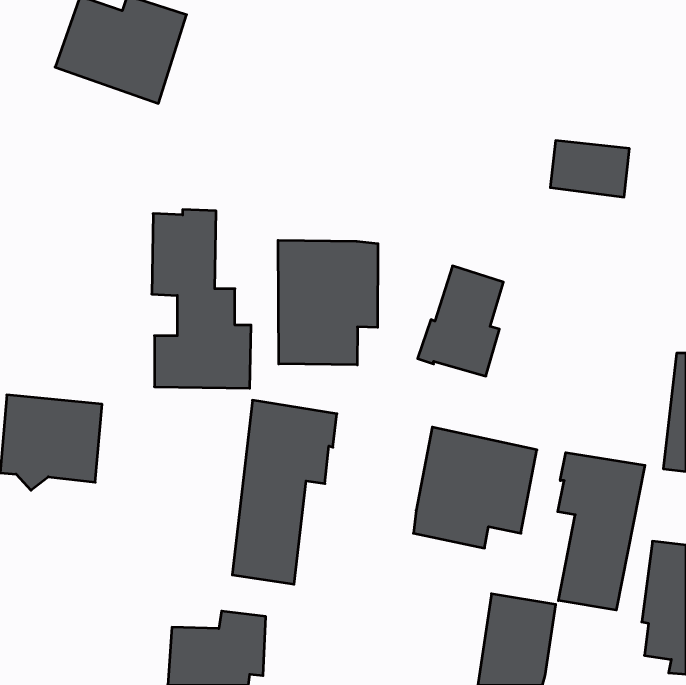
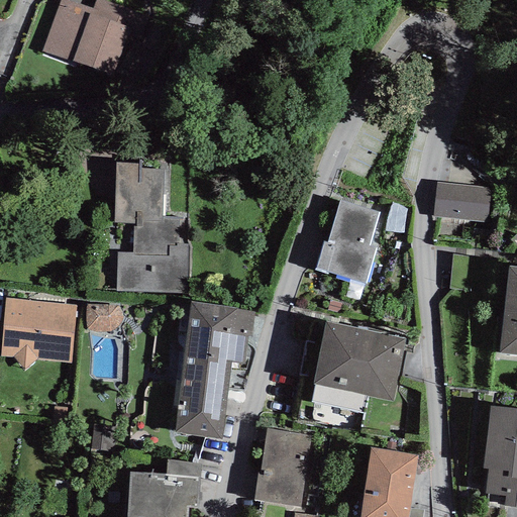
building: [550,141,629,197] -> [433,181,493,223]
building: [278,240,378,365] -> none
building: none -> [86,304,122,331]
building: [558,453,645,610] -> none
building: none -> [253,428,310,506]

